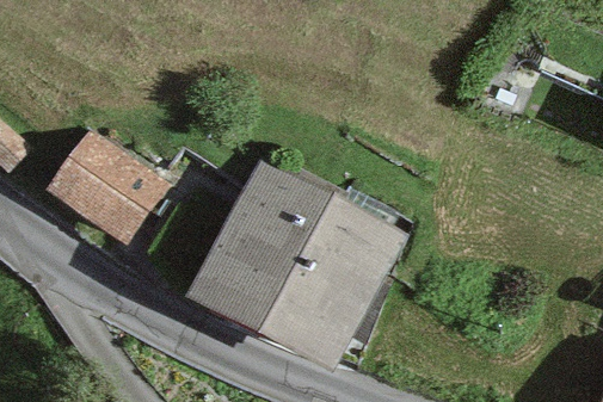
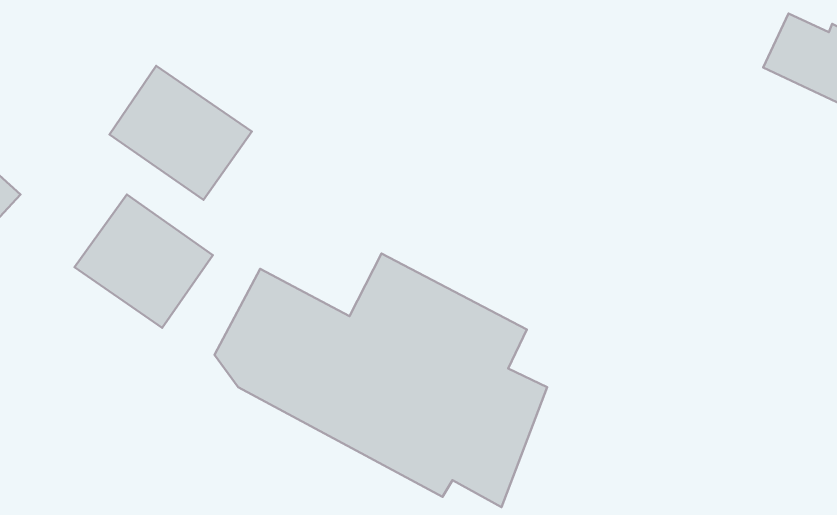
building: none -> [110,66,252,200]

